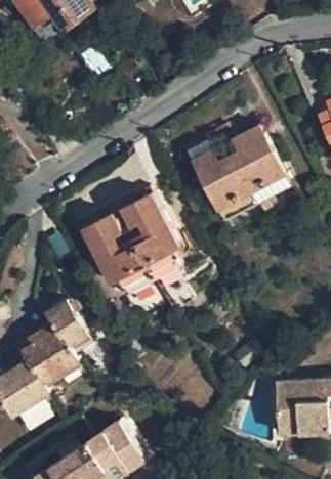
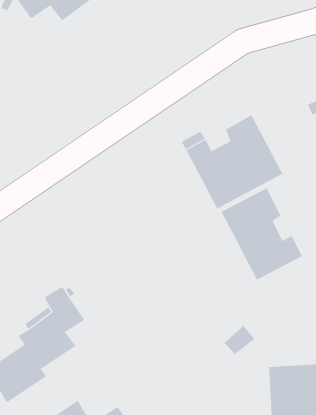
building: [80,187,181,296] -> none
building: none -> [221,187,303,280]

